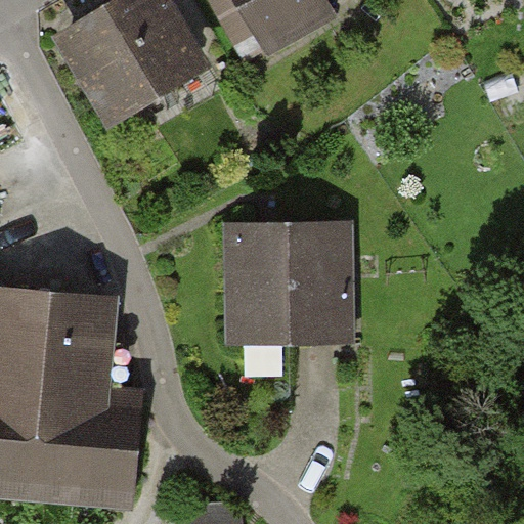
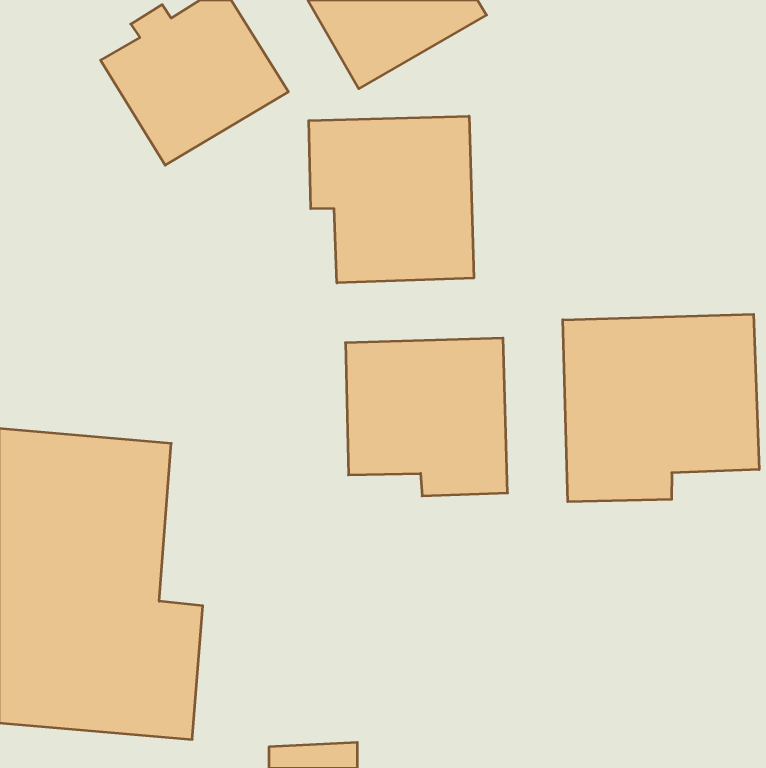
building: none -> [309,116,474,283]
building: none -> [563,314,759,502]

